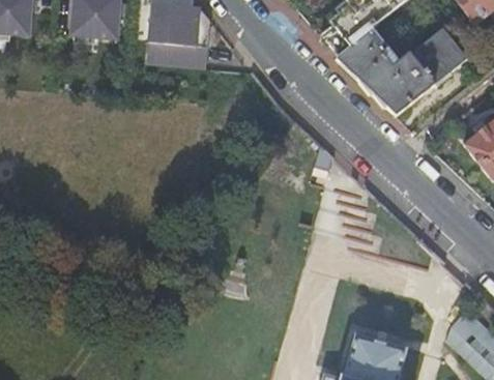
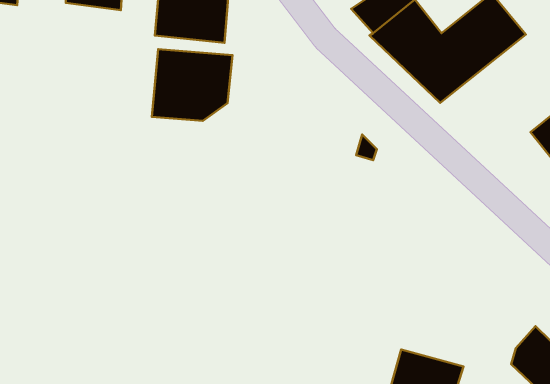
building: none -> [152,49,232,121]

